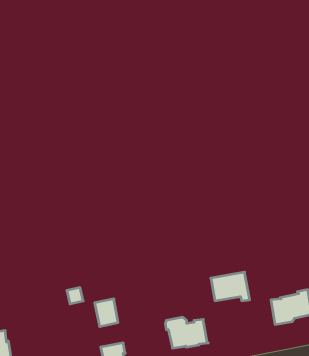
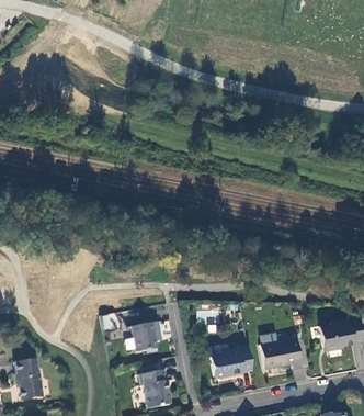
building: [211,272,250,301] -> [259,337,300,368]

